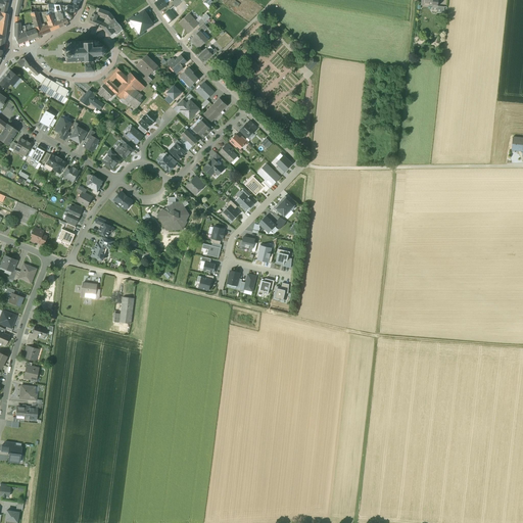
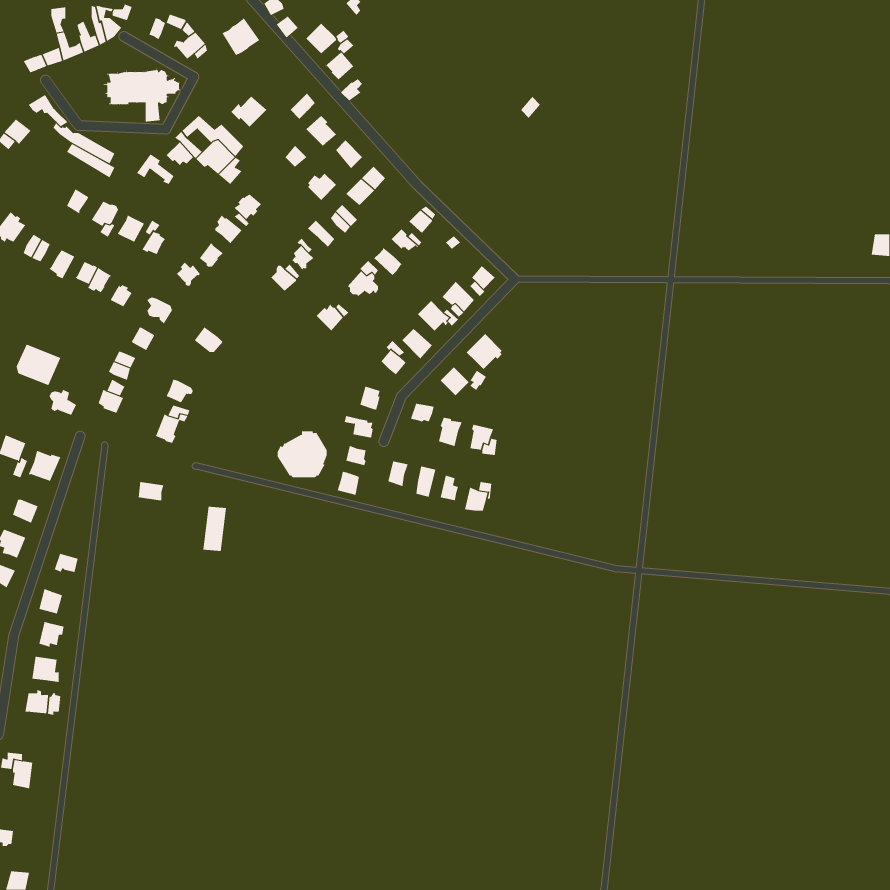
building: [157,201,187,229] -> [277,431,327,478]

